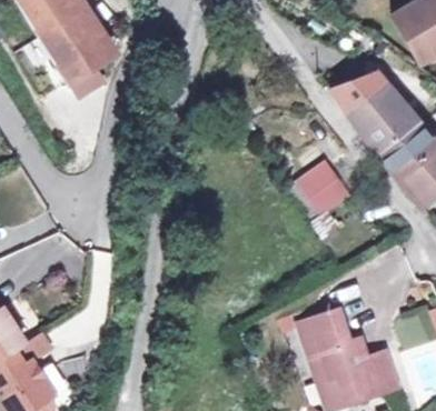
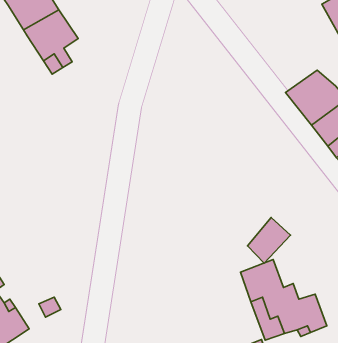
building: [333,78,387,116] -> none
building: [299,161,348,212] -> none
building: none -> [247,218,290,263]

